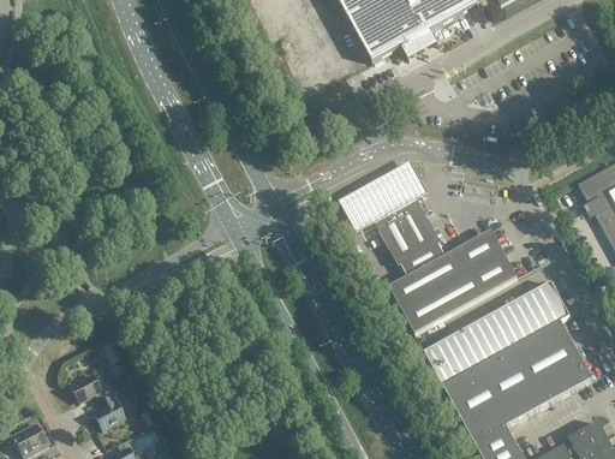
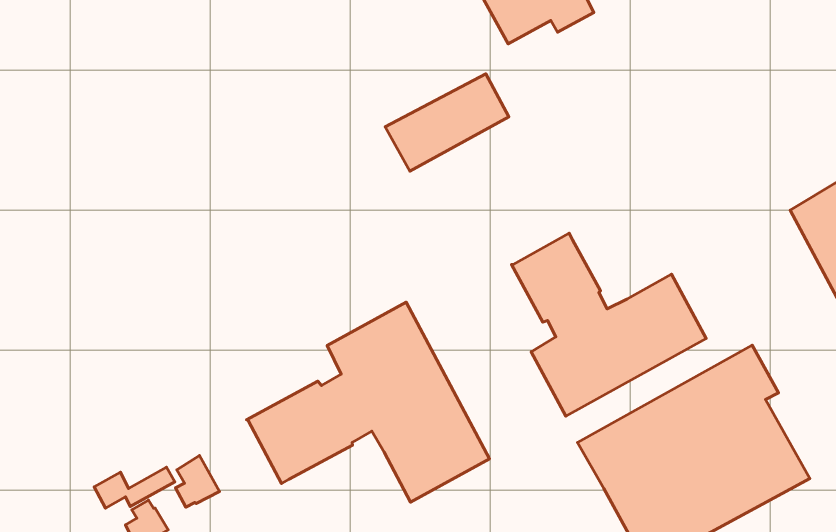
building: [338,156,428,227] -> [385,74,509,171]
building: none -> [247,302,490,502]
building: none -> [176,455,220,507]

